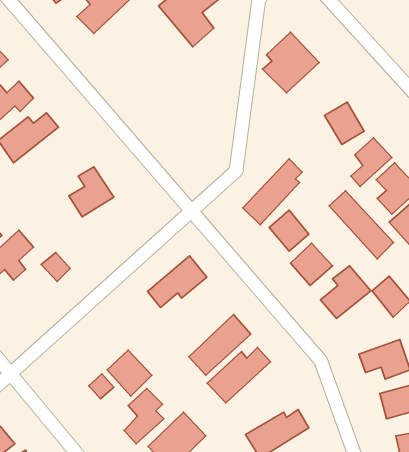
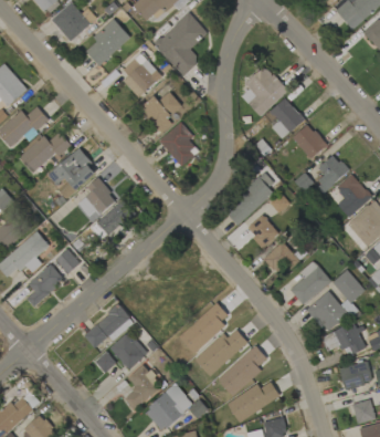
building: none -> [119,52,162,95]
building: none -> [139,91,183,129]
building: none -> [271,97,304,138]
building: none -> [158,123,200,165]
building: none -> [49,148,98,190]
building: [329,191,393,259] -> none
building: none -> [97,199,137,235]
building: [147,256,207,307] -> [84,304,134,347]
building: none -> [27,263,65,305]
building: none -> [307,291,348,332]
building: none -> [218,345,270,394]

